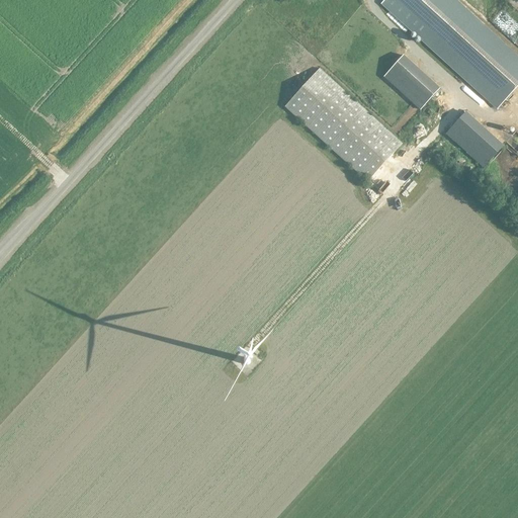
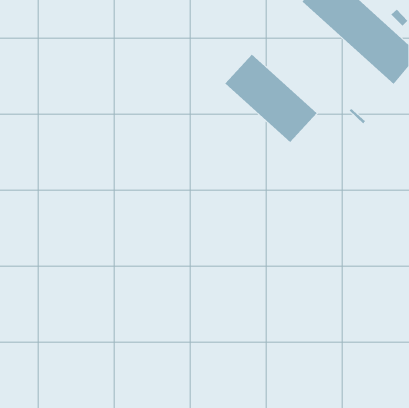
building: [381,54,439,108] -> none
building: [445,111,502,166] -> none

